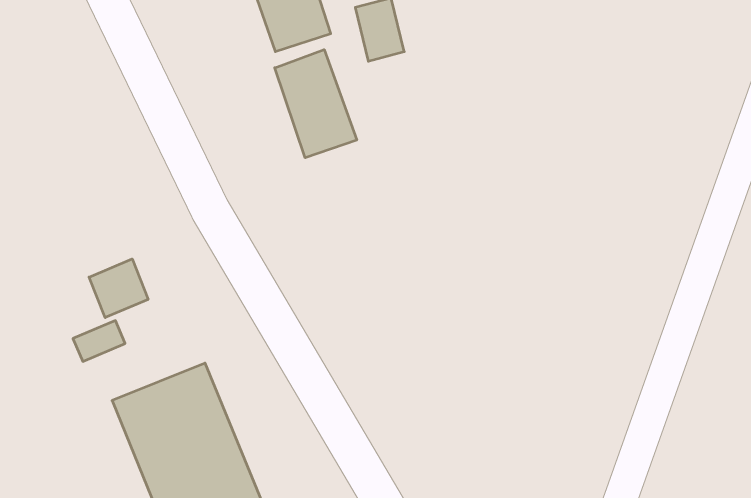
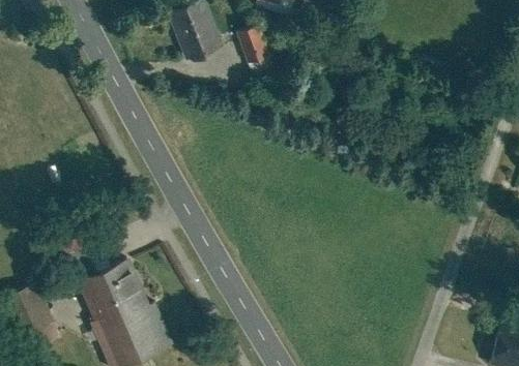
building: [275,50,357,158] -> none
building: [89,259,148,318] -> none

